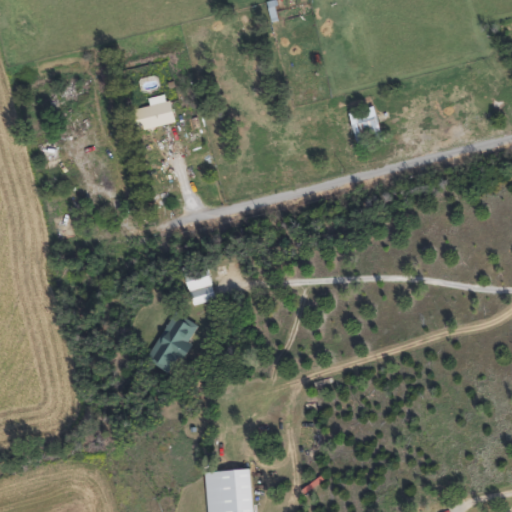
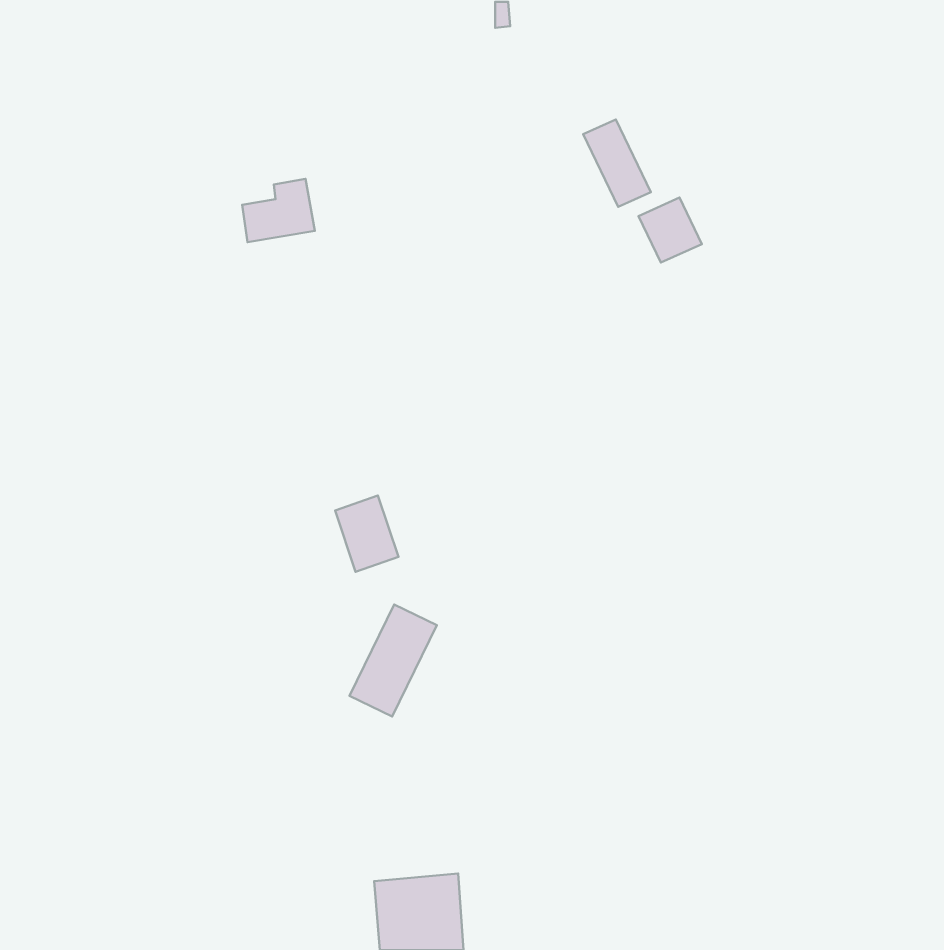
building: none -> [583,119,651,207]
building: [151,314,198,374] -> [349,605,437,716]

